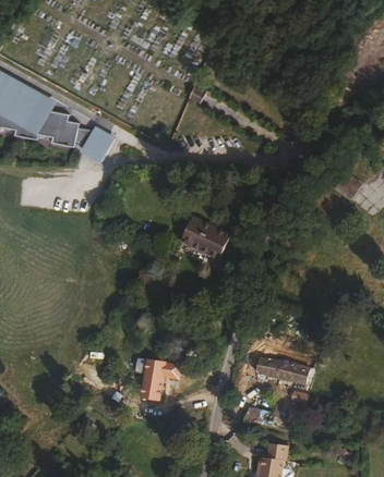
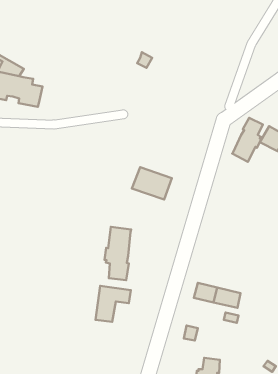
building: [73,129,112,161] -> none
building: none -> [232,118,263,162]
building: none -> [105,227,131,280]

